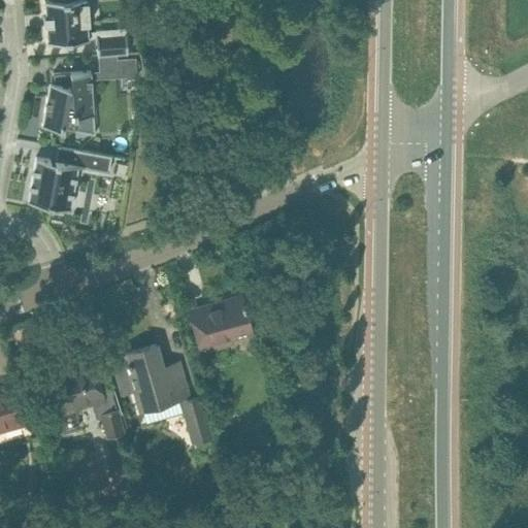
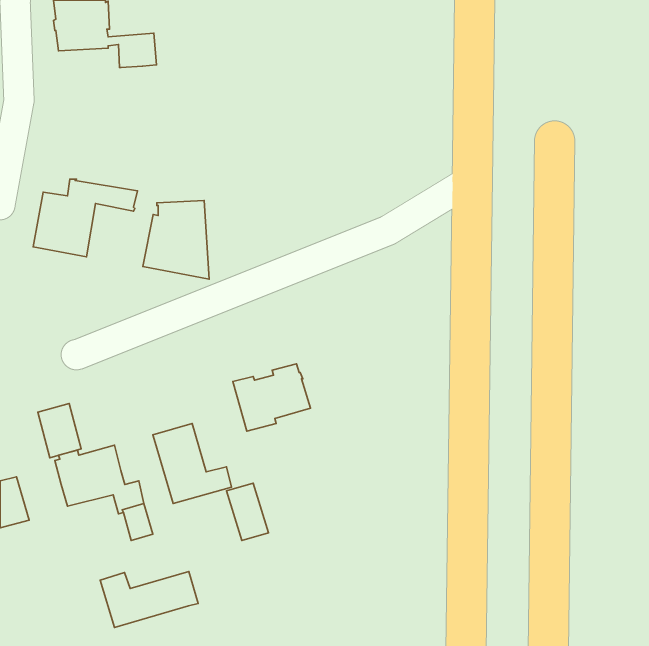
building: [99,57,137,78] -> none
building: [42,73,96,137] -> [143,200,209,279]
building: none -> [38,403,81,458]
building: none -> [100,571,198,627]

